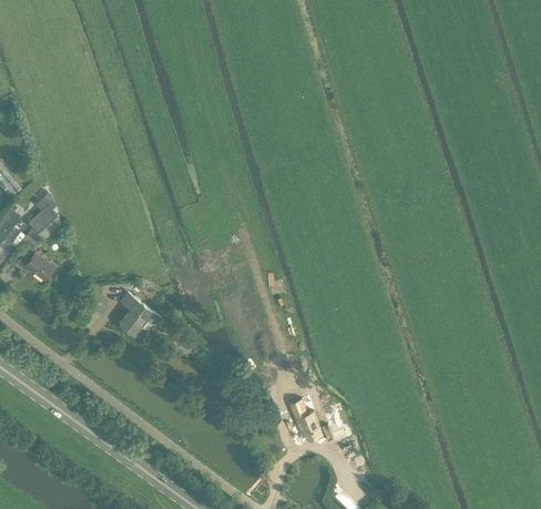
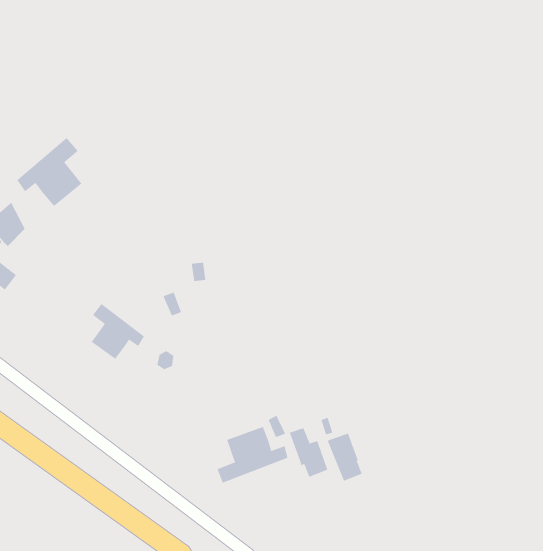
building: none -> [16,137,82,207]
building: none -> [217,426,288,483]

